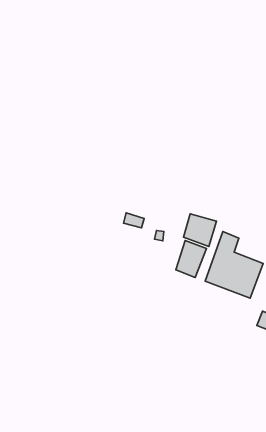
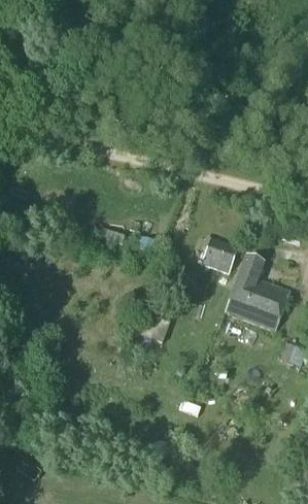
building: [176,240,206,278] -> none

